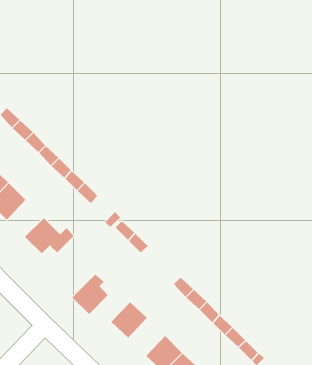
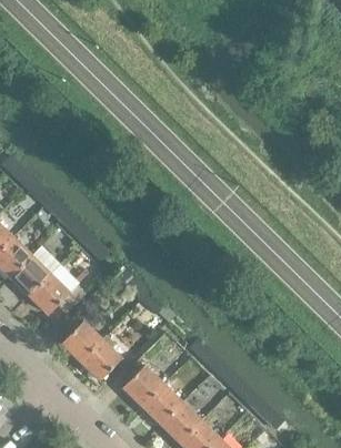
building: none -> [10,256,50,296]
building: none -> [61,322,101,362]
building: none -> [141,384,181,425]

